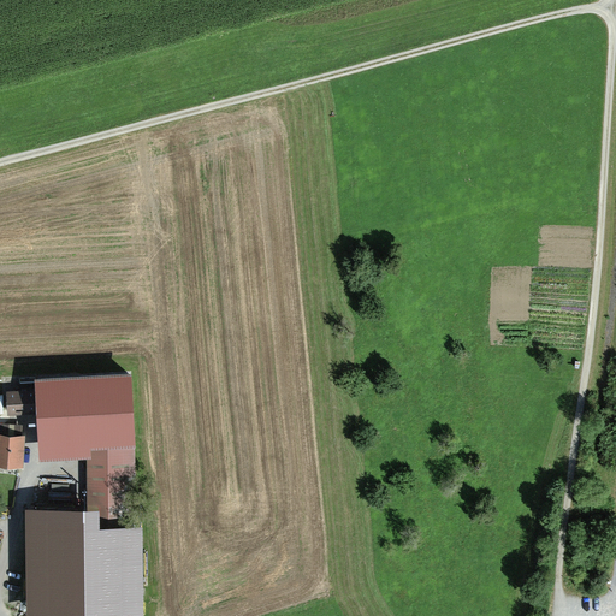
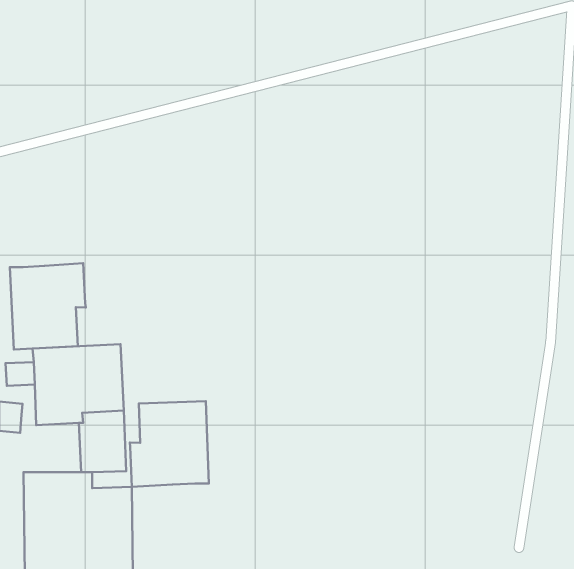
building: none -> [10,263,86,350]
building: none -> [130,401,209,487]

